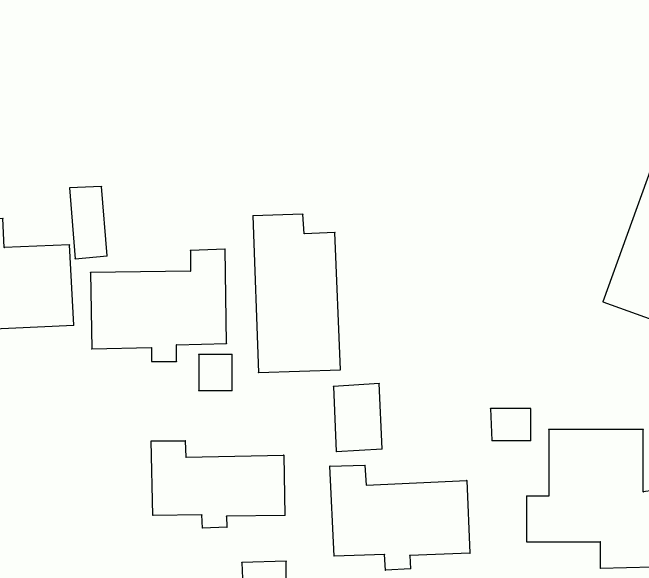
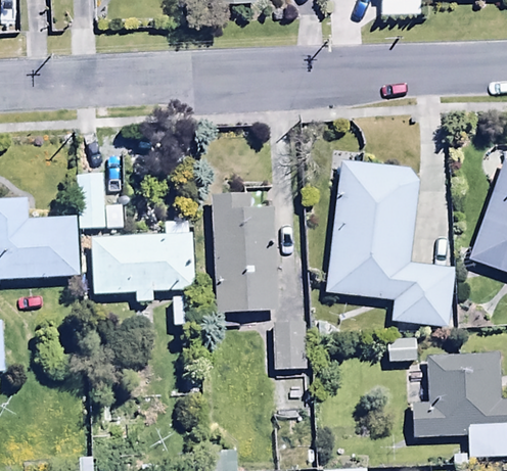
building: none -> [325,159,454,327]
building: [151,441,285,528] -> none
building: [330,465,470,570] -> none

